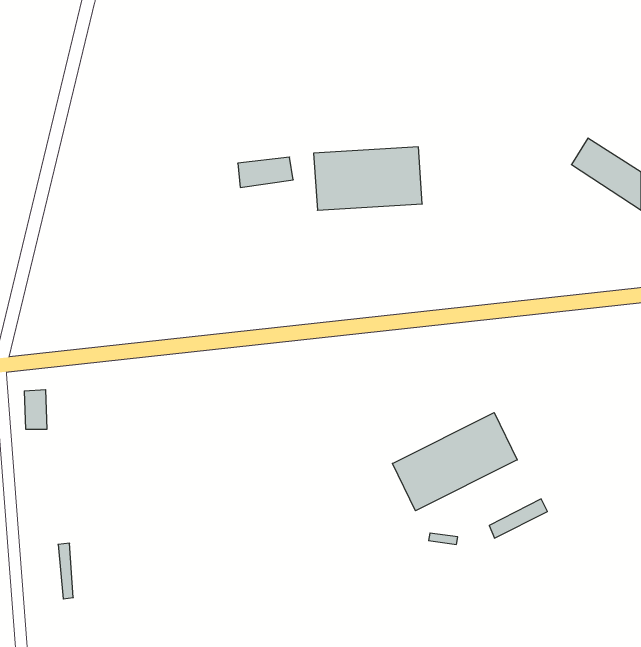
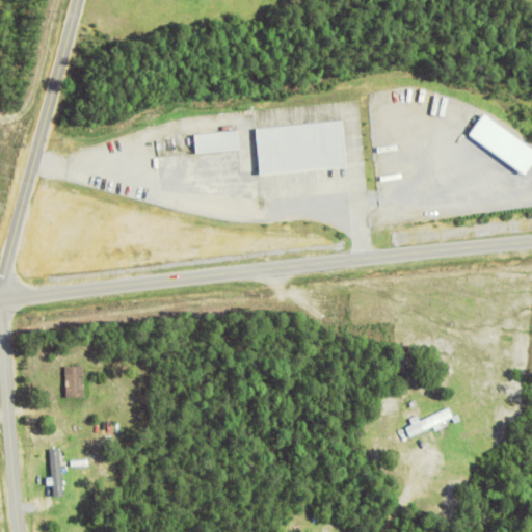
building: [24,390,47,429] -> [61,368,80,400]
building: [392,413,517,511] -> none

